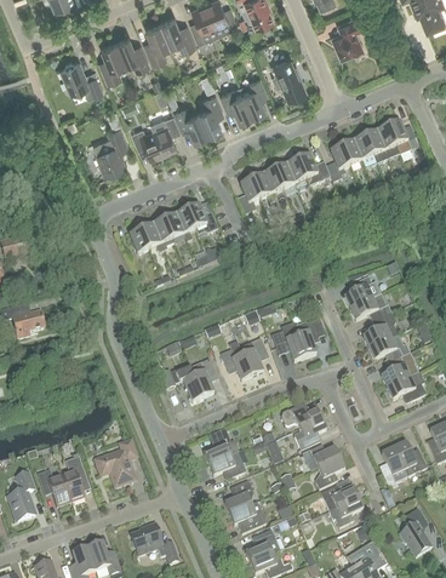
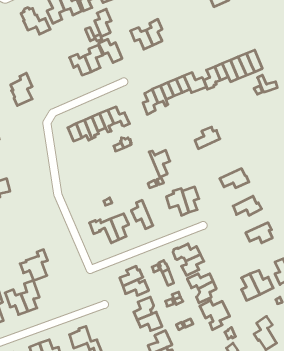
building: [270,58,305,99] -> none
building: [198,93,222,133] -> [95,9,111,37]
building: [95,127,126,174] -> [11,73,32,106]
building: [344,276,381,308] -> [195,127,220,149]
building: [362,313,398,348] -> none
building: [236,337,267,376] -> [149,150,170,177]
building: [381,351,418,387] -> none
building: [96,440,136,485] -> [20,250,48,280]

